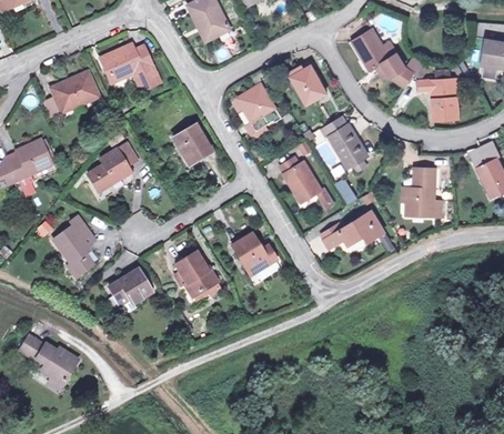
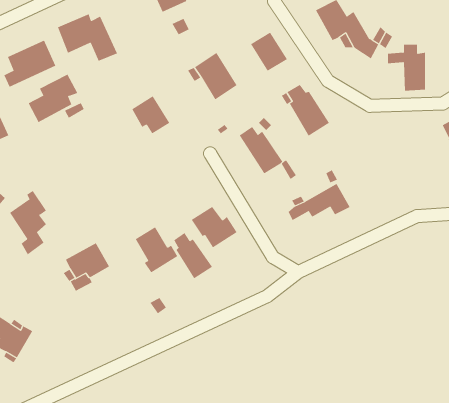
building: [87,142,135,190] -> [28,74,78,123]
building: [410,165,445,212] -> none
building: none -> [173,232,213,279]

